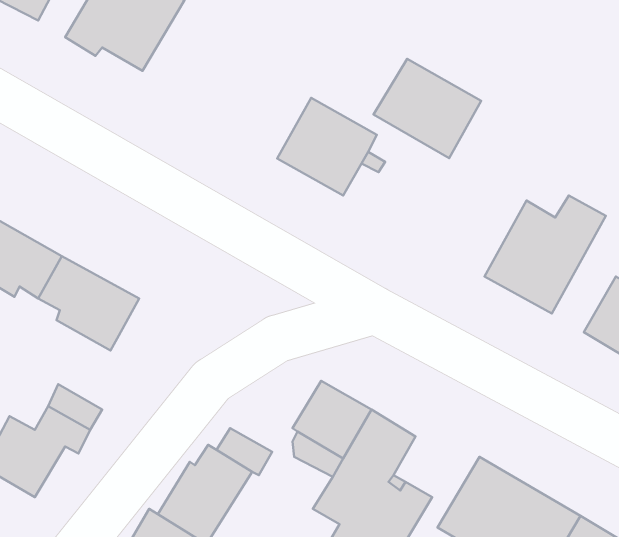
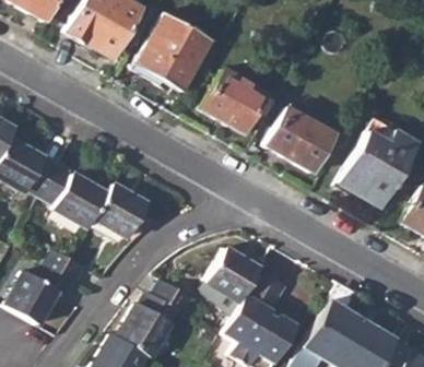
building: none -> [133,15,207,88]
building: [373,59,481,158] -> [262,106,332,170]
building: none -> [97,189,151,240]

